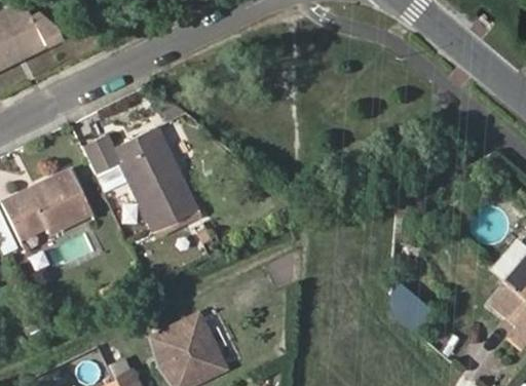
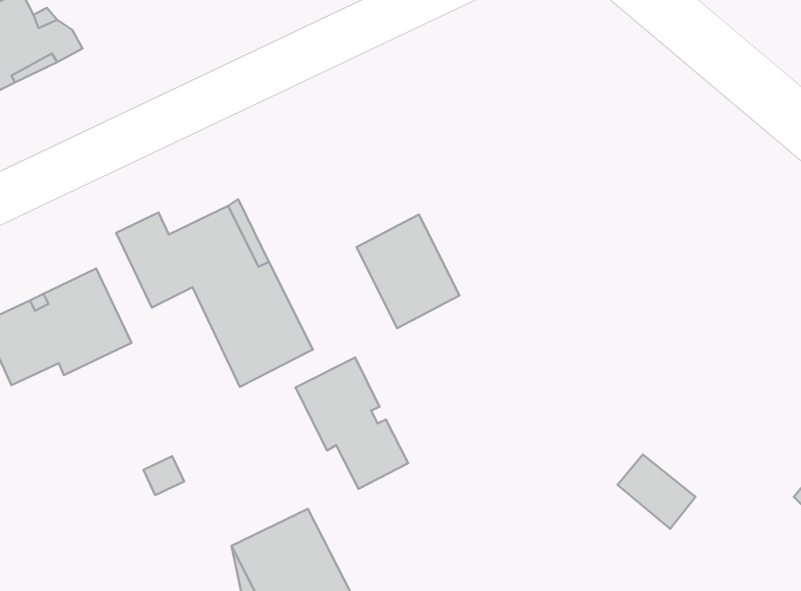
building: none -> [356,214,459,328]
building: none -> [296,358,408,489]

